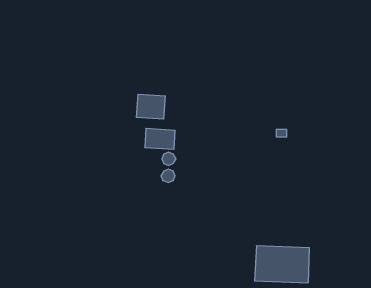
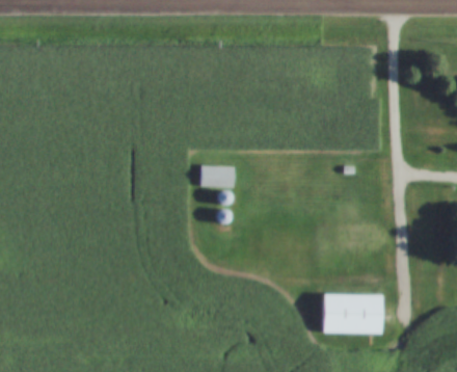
building: [136,94,165,119] -> none

